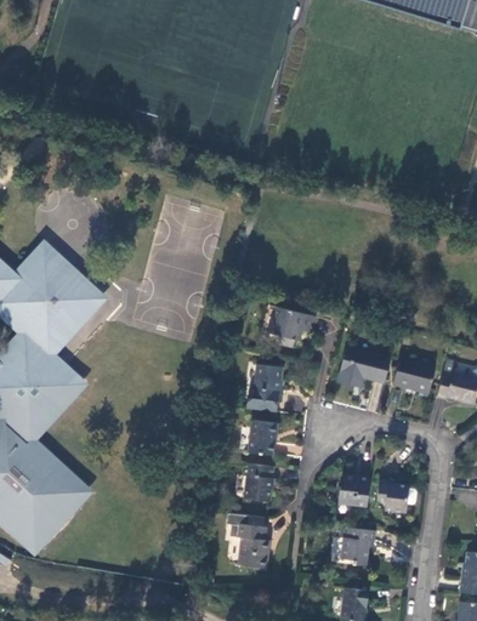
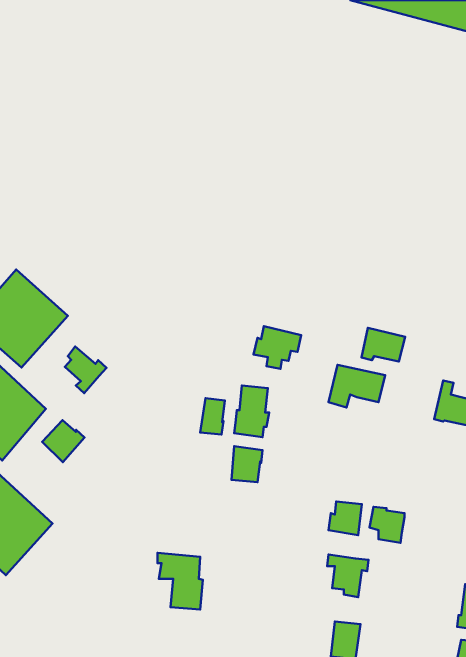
building: none -> [65,346,106,393]
building: [394,357,436,388] -> [361,328,405,361]
building: none -> [200,398,225,434]
building: none -> [42,420,84,462]
building: [245,465,279,496] -> none
building: [227,513,269,566] -> [158,553,203,610]

